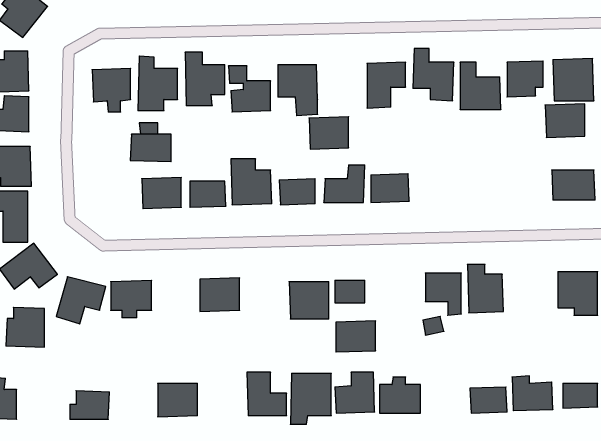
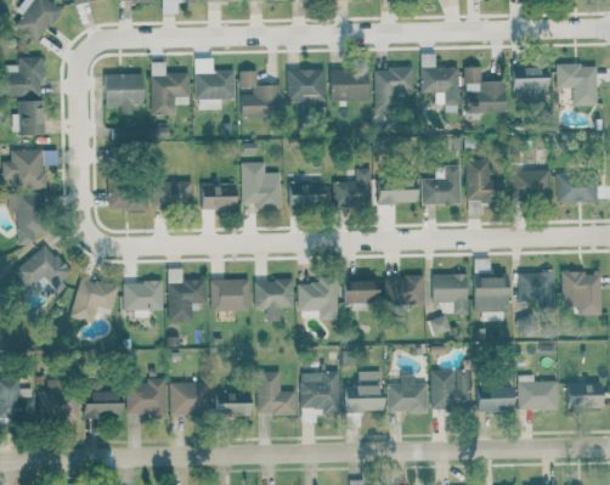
building: [545,104,585,137] -> [510,169,549,202]
building: [309,117,349,149] -> [329,69,368,101]
building: [130,134,171,162] -> [107,184,147,210]
building: none -> [465,159,504,199]
building: none -> [420,165,461,204]
building: none -> [166,267,207,322]
building: none -> [518,271,554,312]
building: none -> [254,280,294,321]
building: [6,307,44,347] -> [39,380,77,419]
building: [336,321,376,352] -> [384,275,423,305]
building: none -> [429,370,469,408]
building: none -> [125,377,165,416]
building: none -> [214,389,249,414]

